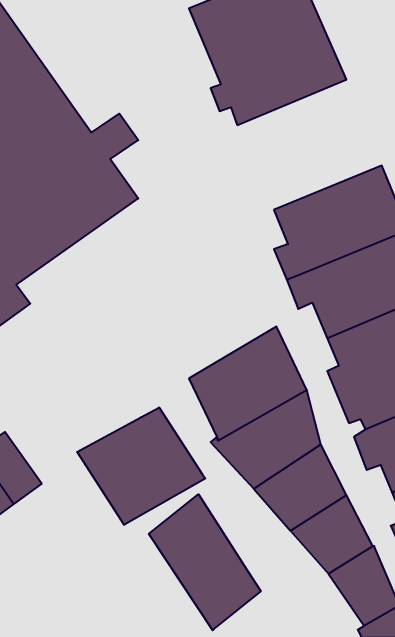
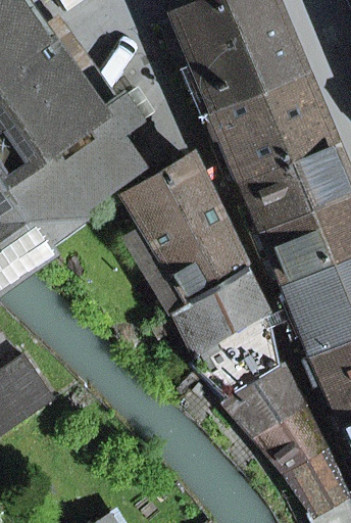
building: none -> [208,65,330,171]
building: none -> [124,149,245,297]
building: [77,407,205,525] -> none
building: [149,494,261,630] -> none

